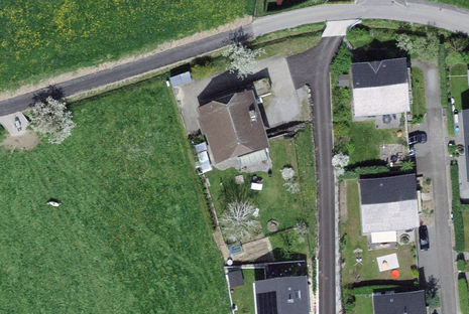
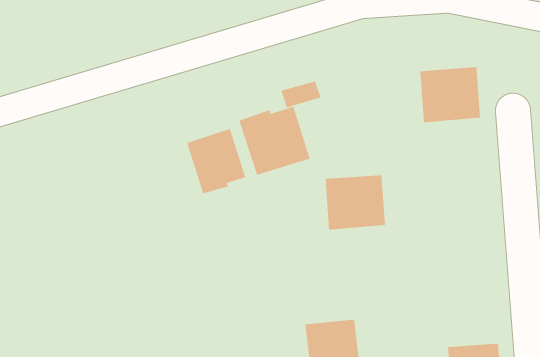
building: none -> [187,128,246,194]
building: [363,182,415,228] -> [325,175,386,230]

